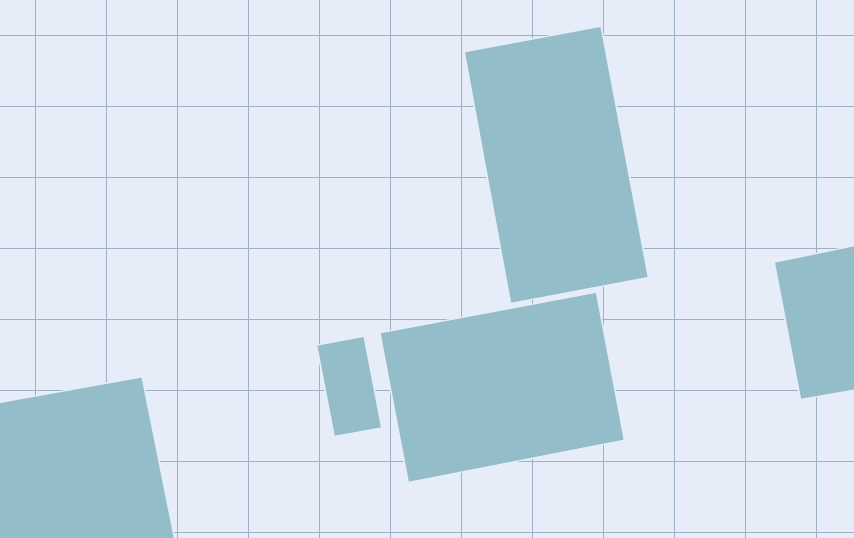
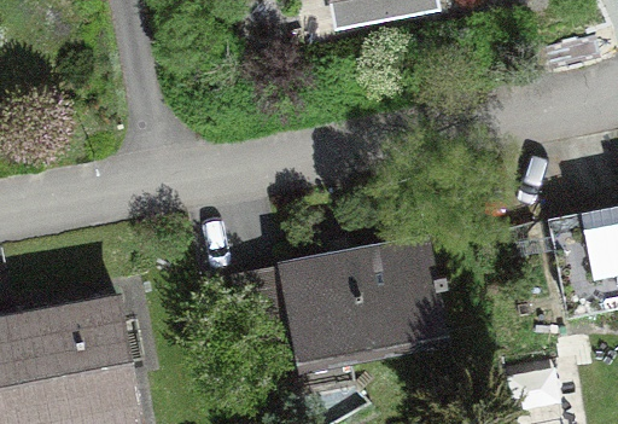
building: [464,26,649,304] -> none

